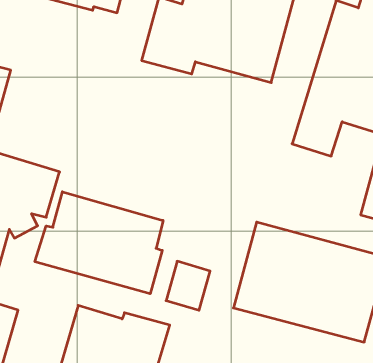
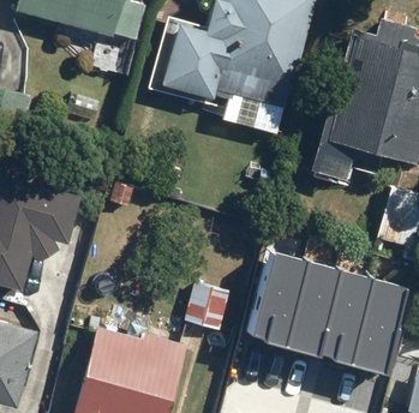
building: [35,192,163,294] -> none

